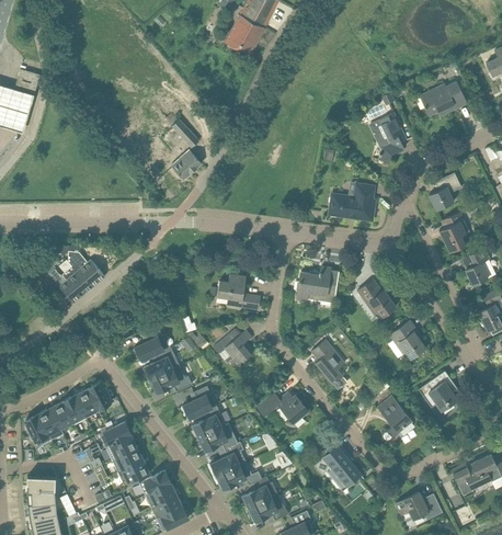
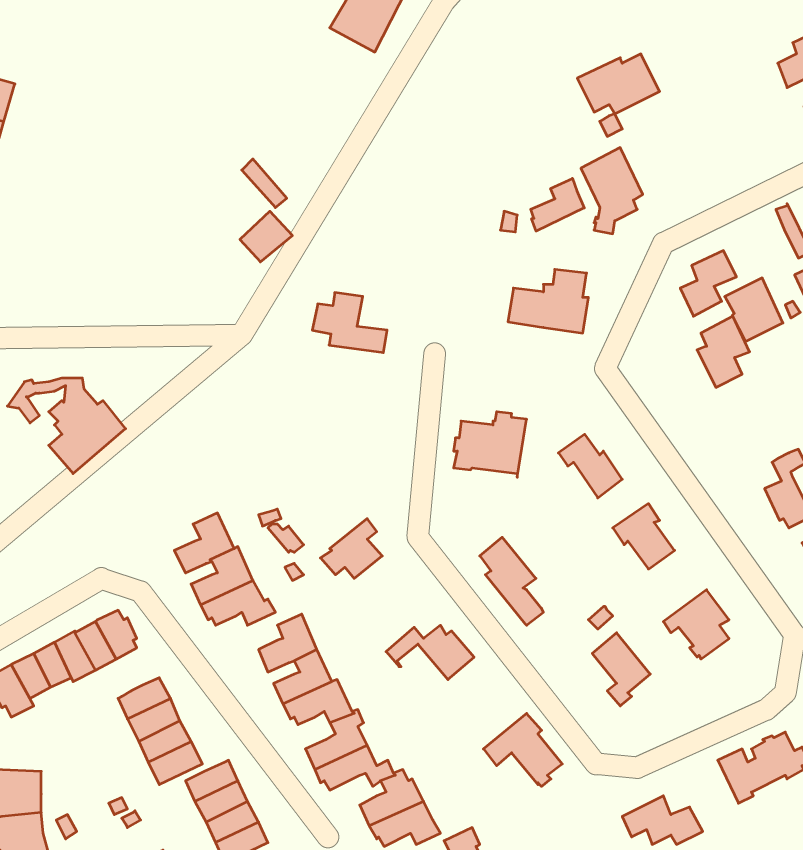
building: [419,82,467,117] -> [577,54,660,114]
building: none -> [531,178,584,231]
building: [460,249,494,286] -> [725,278,783,342]
building: [216,275,260,310] -> [312,293,387,353]

